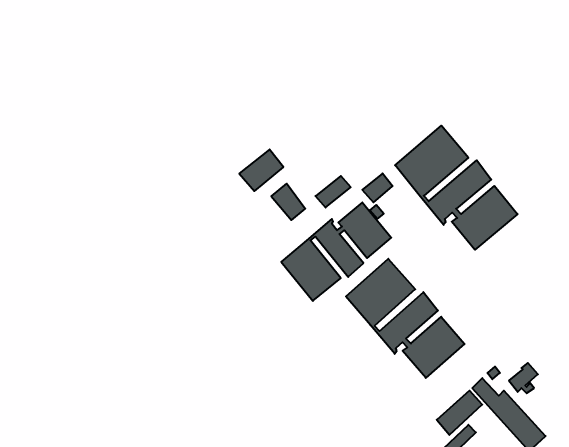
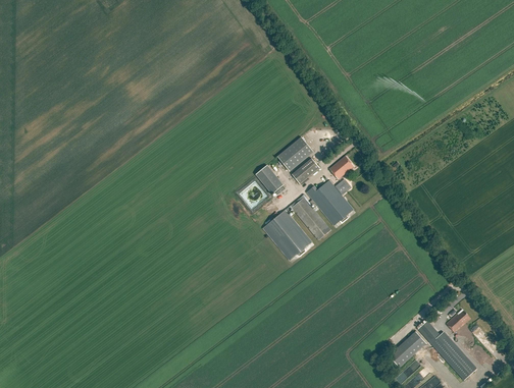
building: [395,126,518,250] -> none
building: [239,149,283,191] -> [277,136,313,170]
building: [346,259,465,378] -> none

